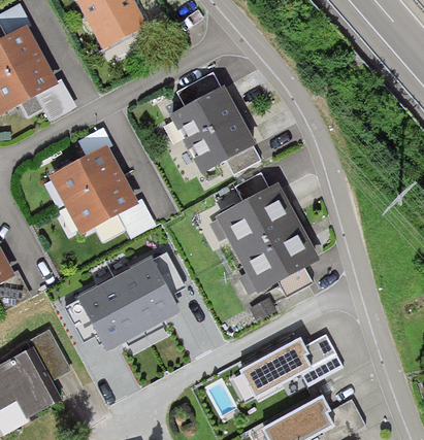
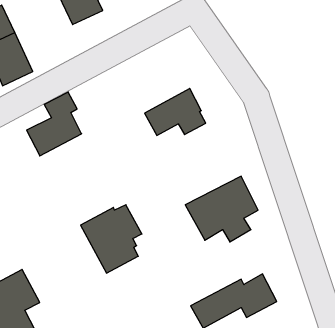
building: [169,71,240,147] -> none
building: [66,171,153,237] -> none
building: [216,172,300,253] -> none
building: [66,277,143,352] -> none

